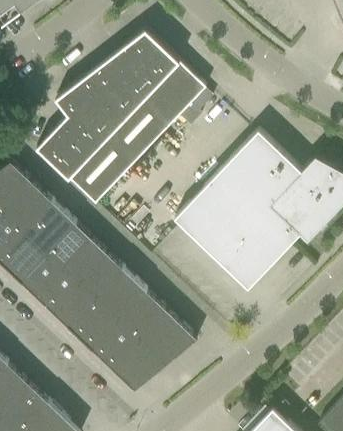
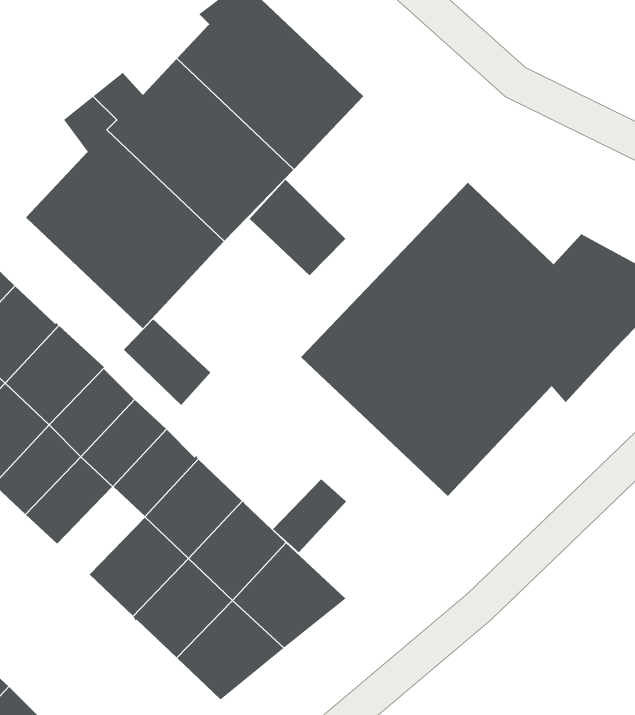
building: none -> [249,179,346,276]
building: none -> [123,319,211,406]
building: none -> [272,478,348,553]
building: [52,284,96,328] -> none

